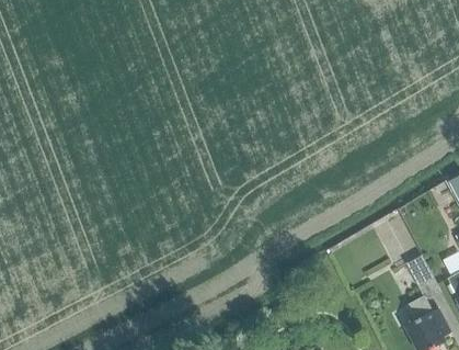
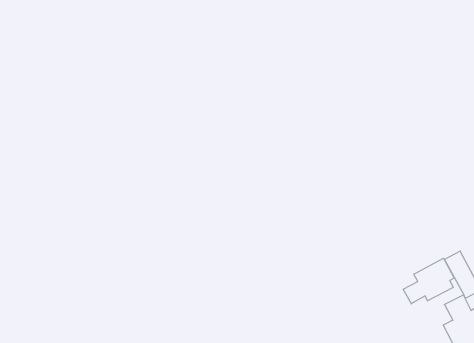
building: none -> [403,258,454,304]

